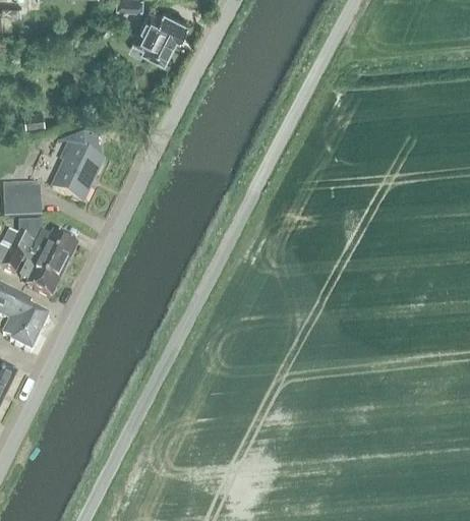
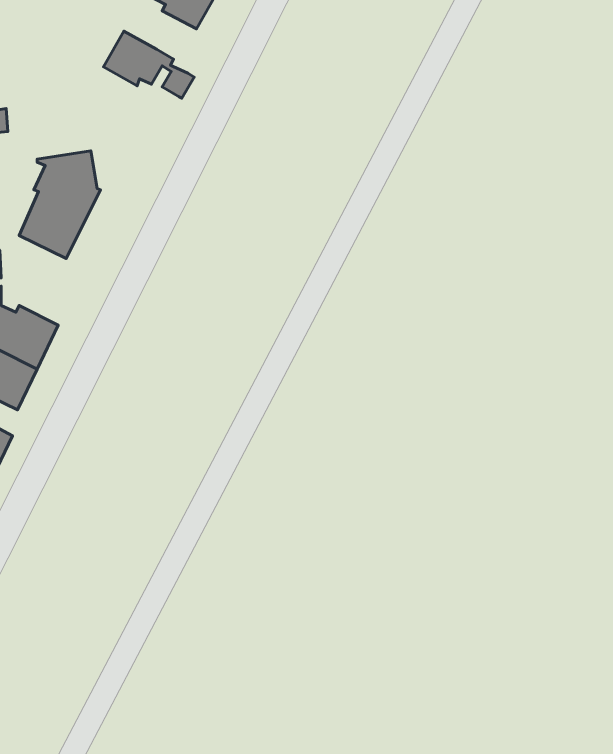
building: none -> [104,31,194,98]

